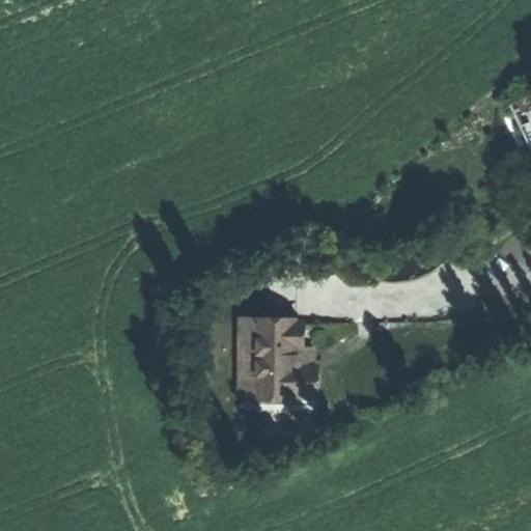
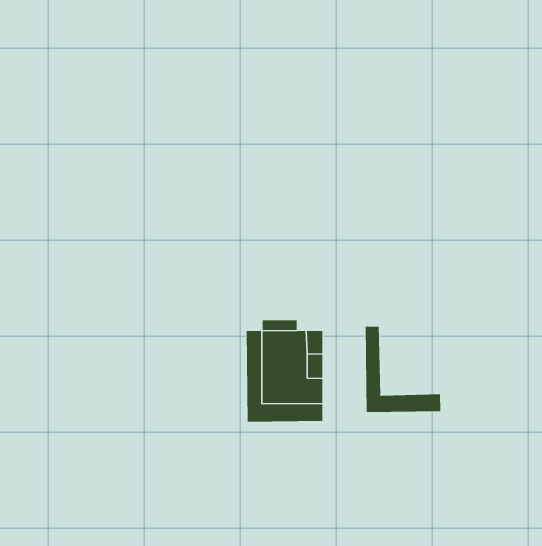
building: none -> [365,326,441,413]

